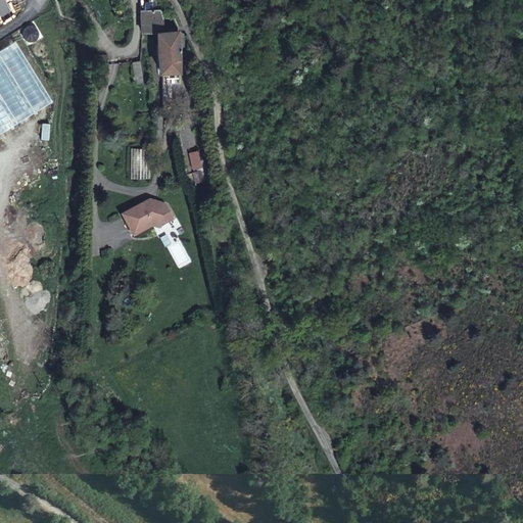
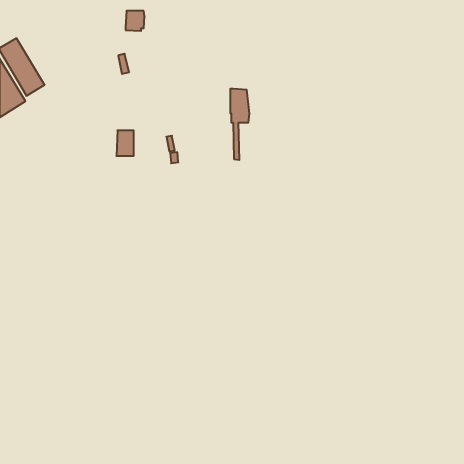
building: [158,34,180,113] -> [230,89,249,160]
building: [123,198,172,233] -> none

